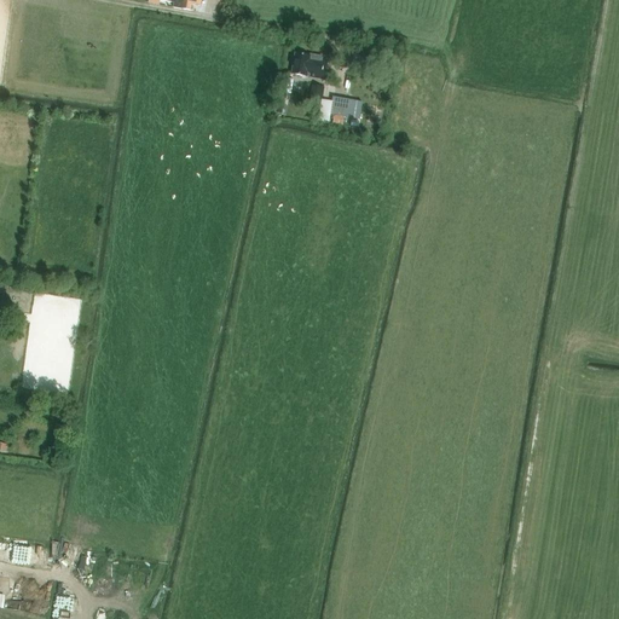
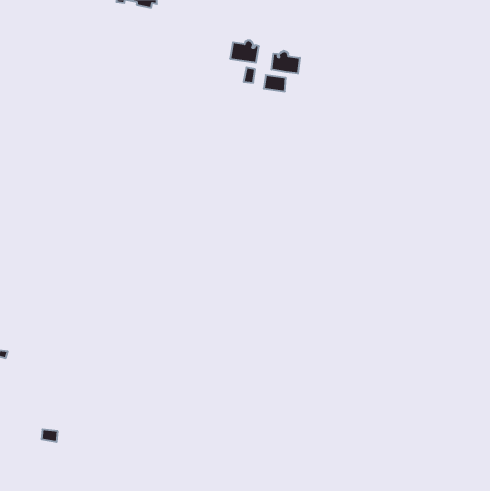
building: none -> [271,51,300,74]

